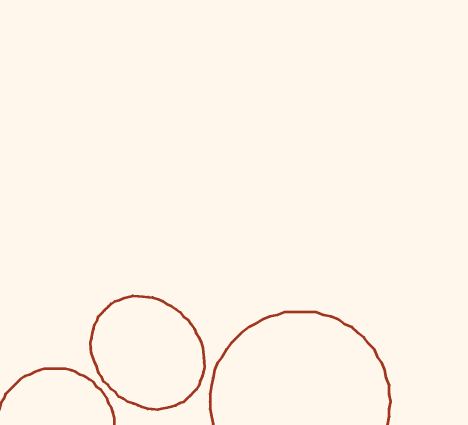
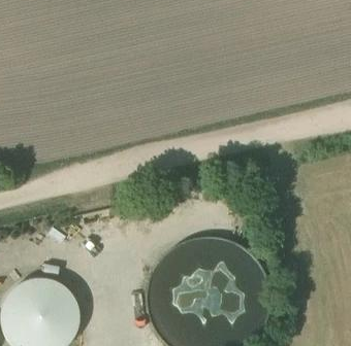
building: [90,296,205,410] -> none

